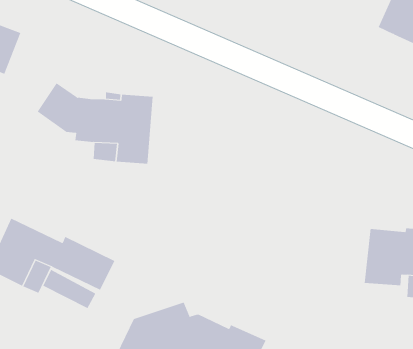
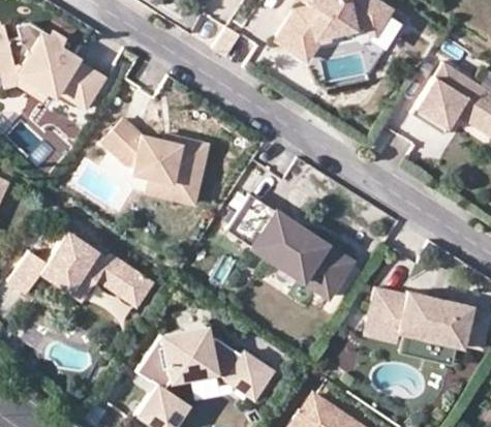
building: none -> [227,194,352,298]

